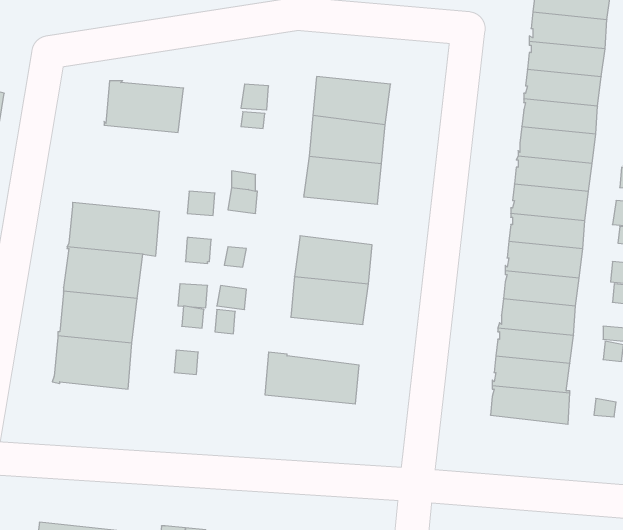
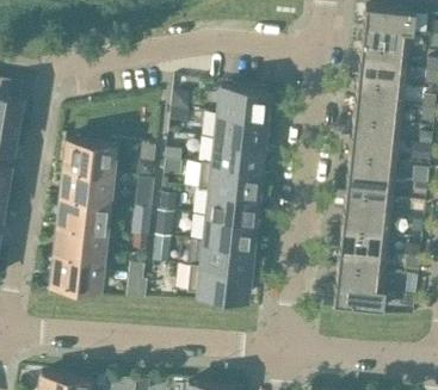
building: [104,81,184,132] -> [64,141,116,174]
building: none -> [199,163,261,197]
building: none -> [203,243,252,274]

